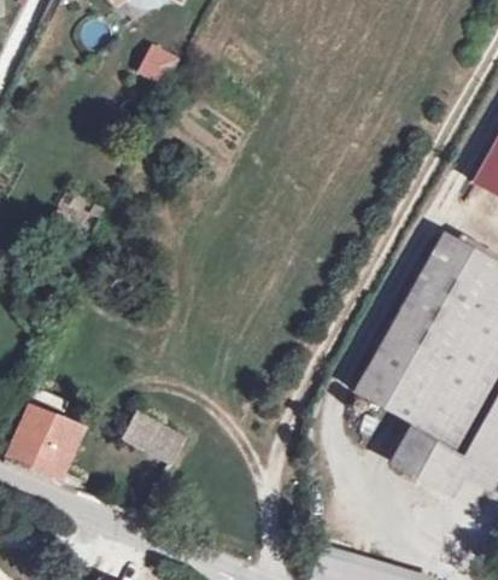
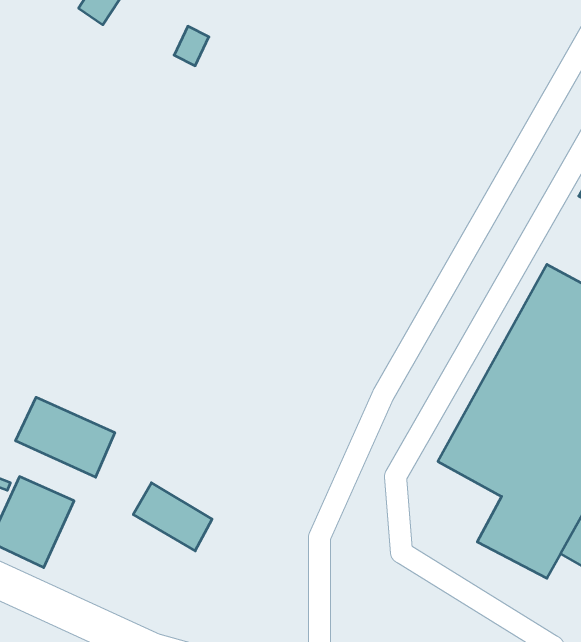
building: none -> [16,397,115,477]

